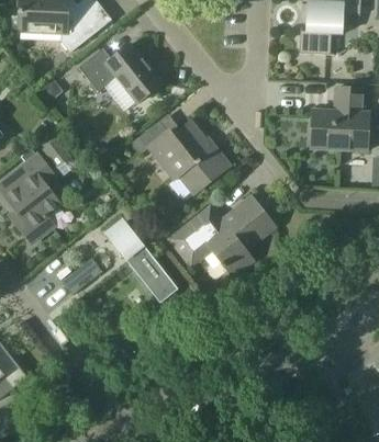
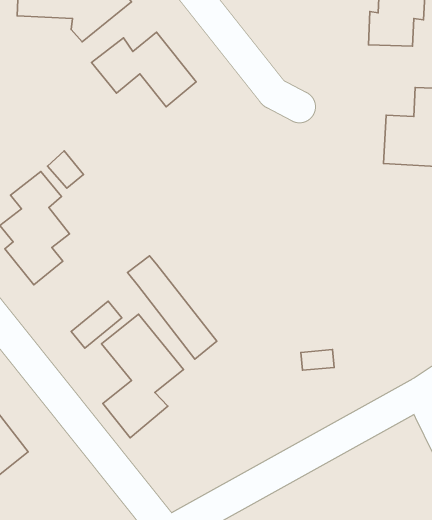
building: [131,118,230,192] -> none
building: [169,196,275,273] -> none
building: none -> [101,314,184,438]

